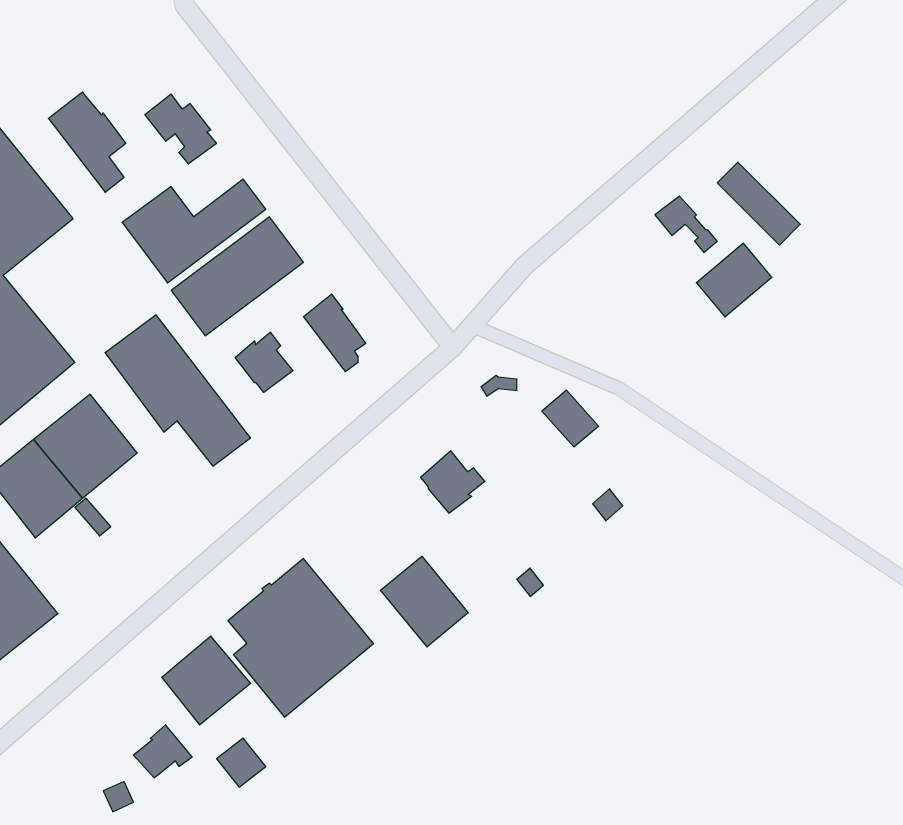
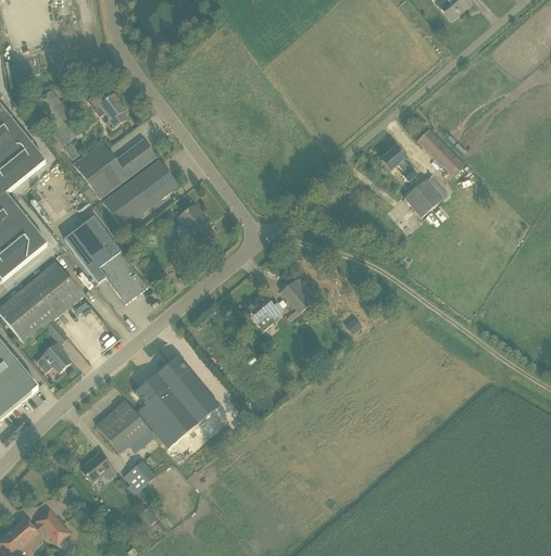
building: [235,332,293,392] -> none
building: [542,390,599,447] -> [281,278,314,311]
building: none -> [37,342,71,371]
building: [381,556,468,647] -> none

